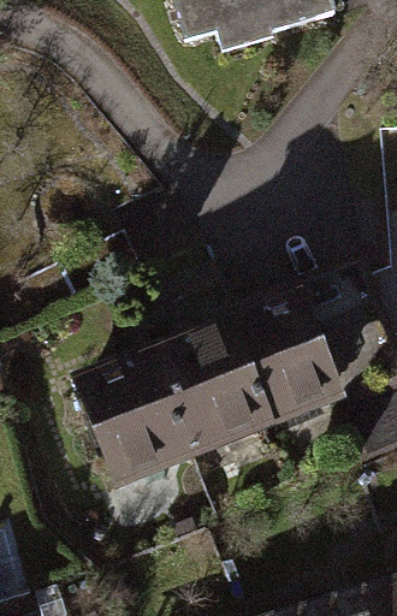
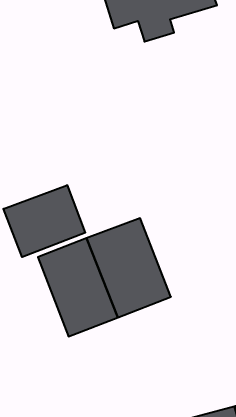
building: none -> [3,185,85,257]
building: [223,286,349,433] -> none

